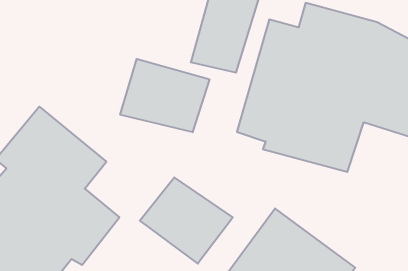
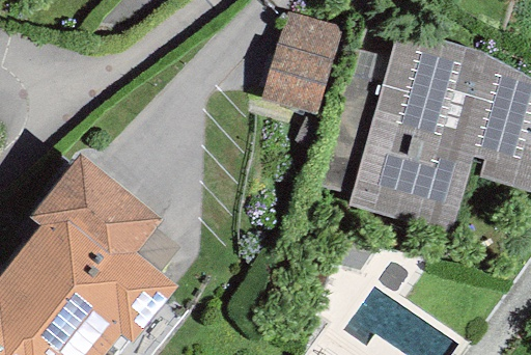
building: [120,59,209,132] -> none
building: [140,177,233,264] -> none

